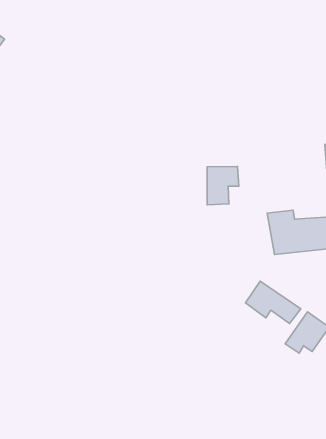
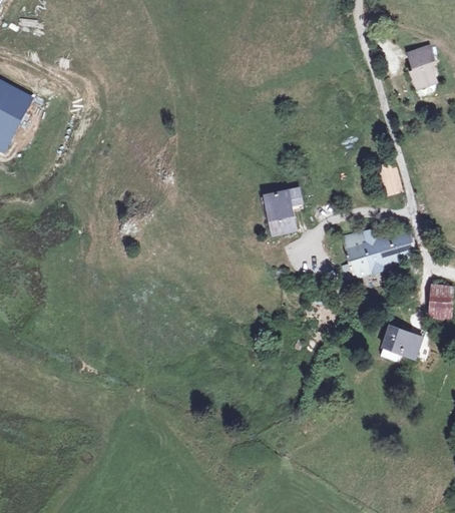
building: [245,281,301,323] -> none

